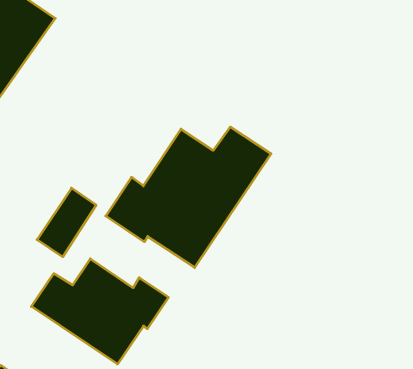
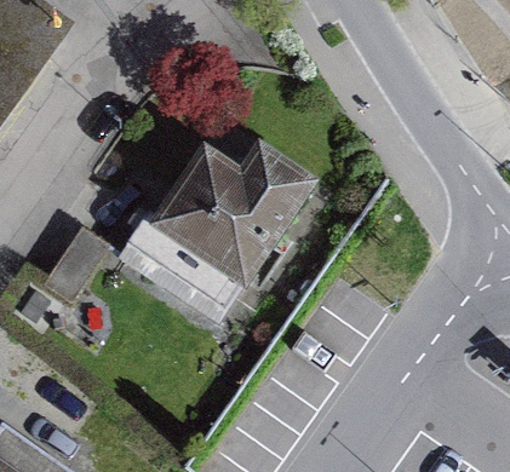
building: [31,259,168,364] -> none

